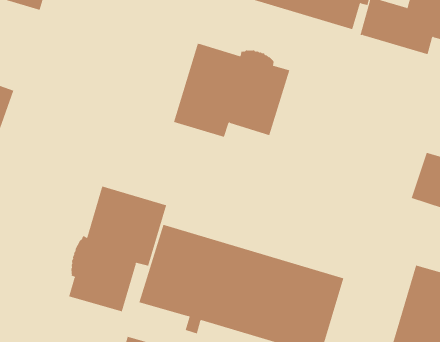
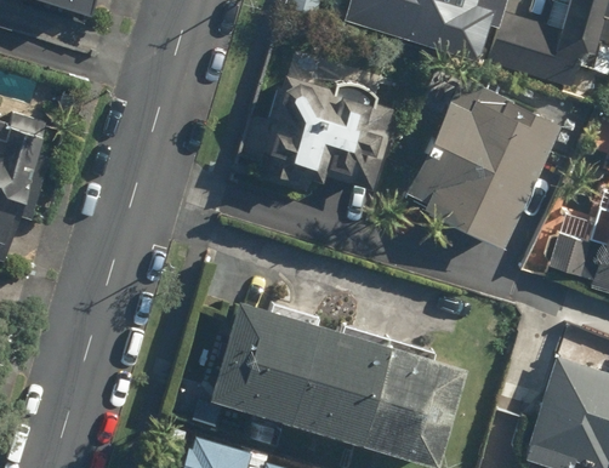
building: none -> [403,73,560,247]
building: [68,186,167,312] -> none

